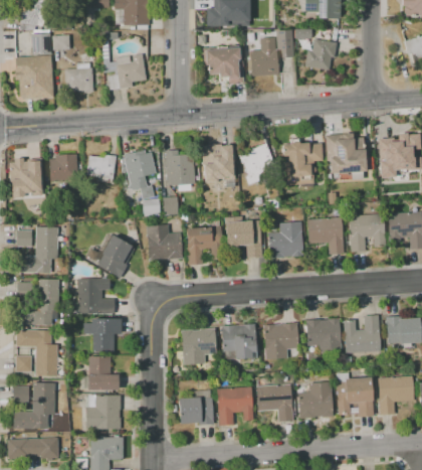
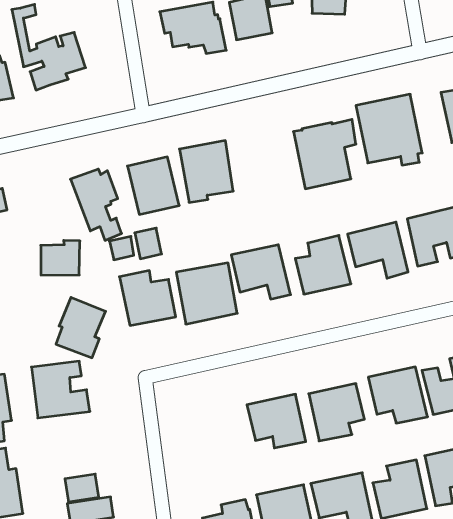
building: [238,143,278,184] -> none
building: [86,154,117,179] -> [41,240,80,275]
building: [84,319,122,352] -> none
building: [183,328,217,364] -> none

